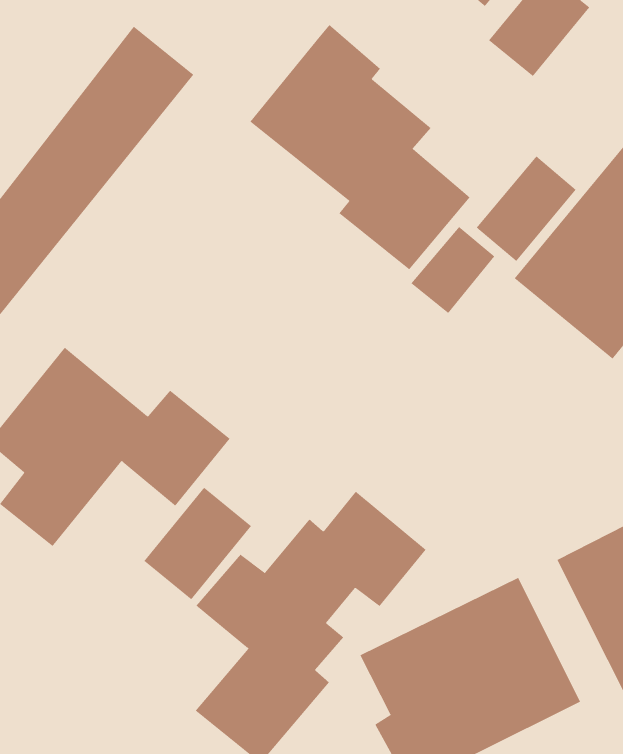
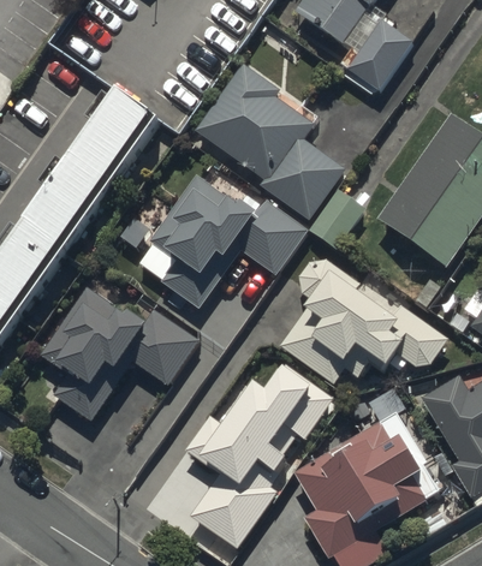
building: [476,155,577,262] -> none
building: none -> [148,175,307,306]
building: none -> [280,254,445,382]
building: [144,487,252,600] -> none

